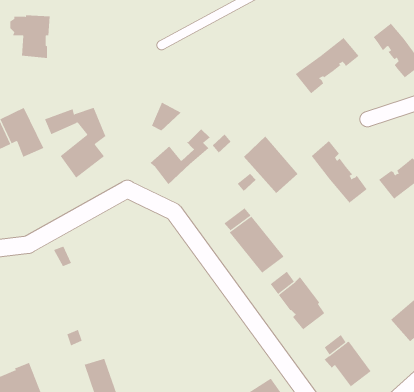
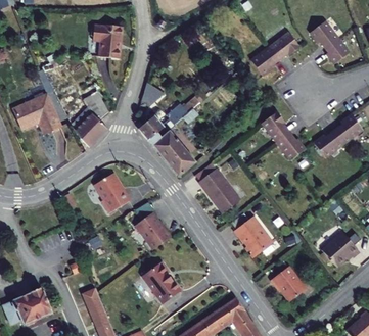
building: [9,15,50,58] -> [89,20,121,54]
building: [243,136,299,194] -> [151,130,194,175]
building: none -> [88,175,123,214]
building: none -> [131,210,167,248]
building: none -> [137,258,174,299]

